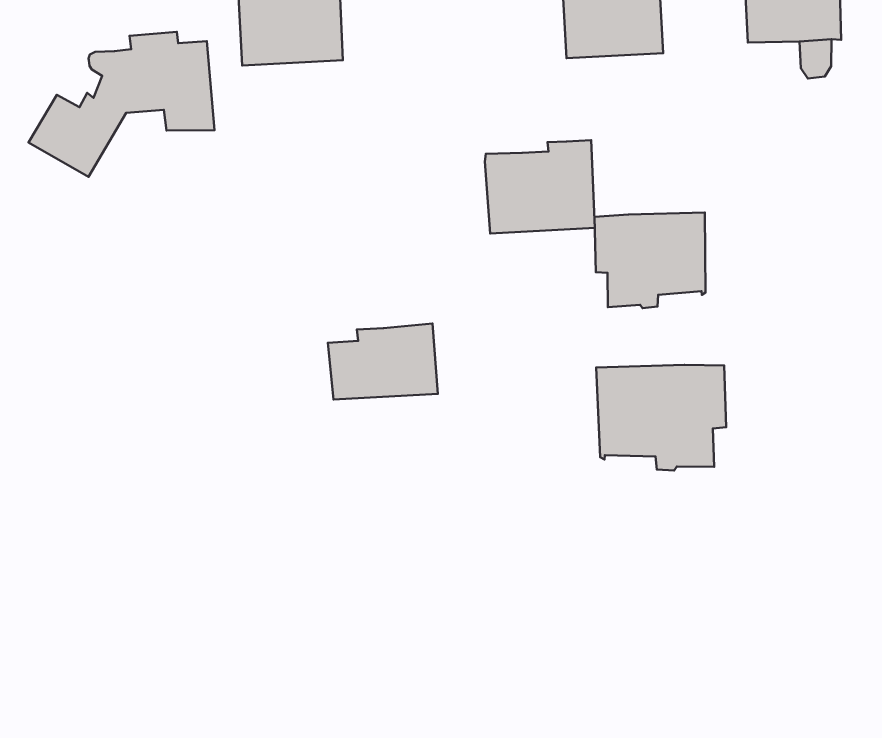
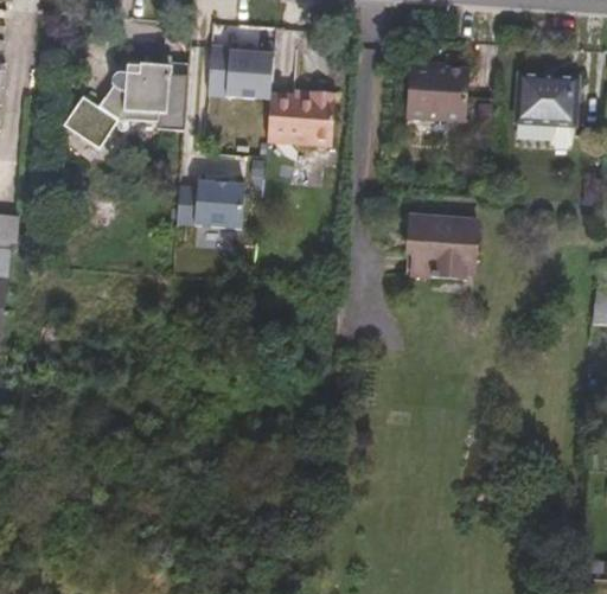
building: [485,140,595,234] -> [264,90,334,147]
building: [328,324,438,399] -> [175,180,243,226]
building: [596,365,726,471] -> none

